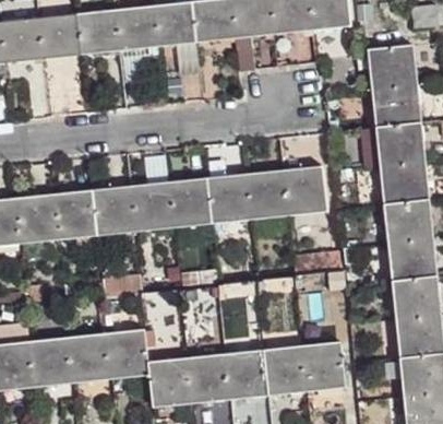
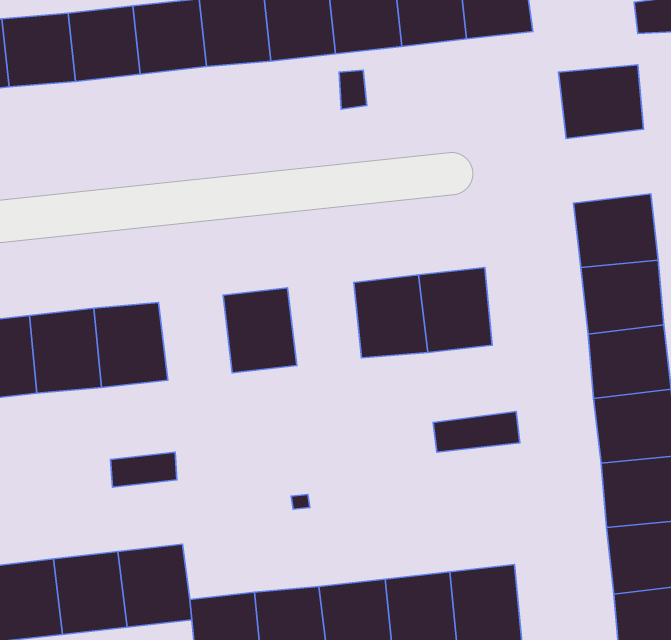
building: [370,83,420,127] -> none
building: [205,174,249,223] -> none
building: [129,181,172,232] -> none

